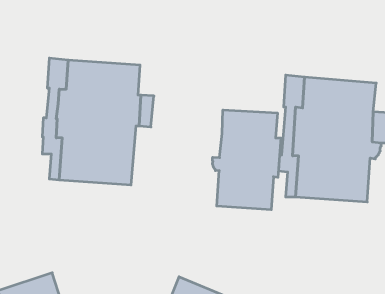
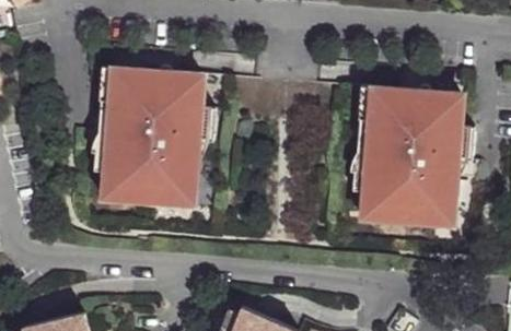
building: [212,110,281,210] -> none

